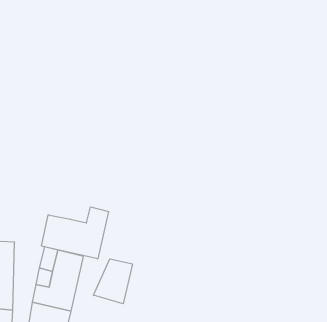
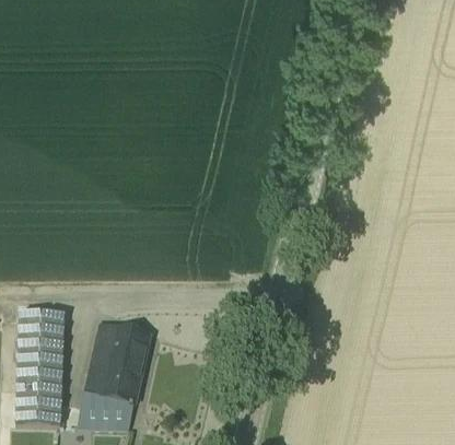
building: [42,207,109,259] -> none
building: [93,259,132,304] -> none

